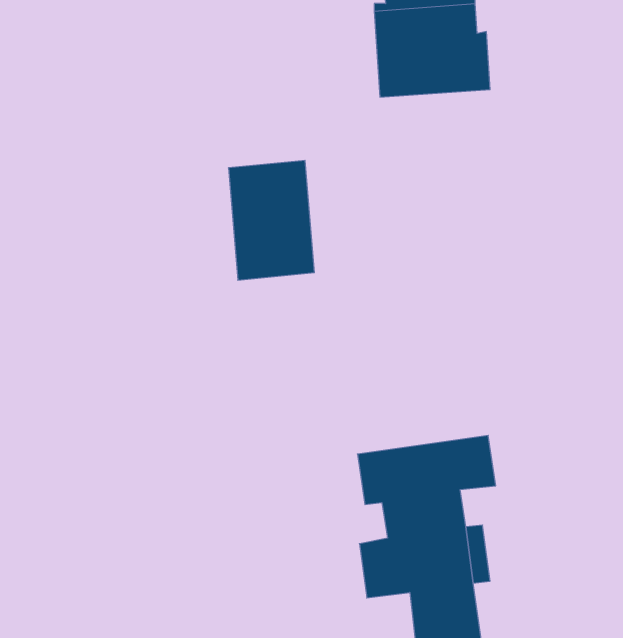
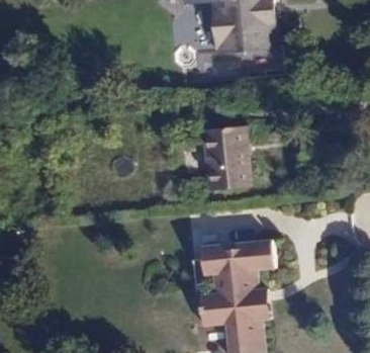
building: [228,160,314,280] -> [204,121,251,186]

